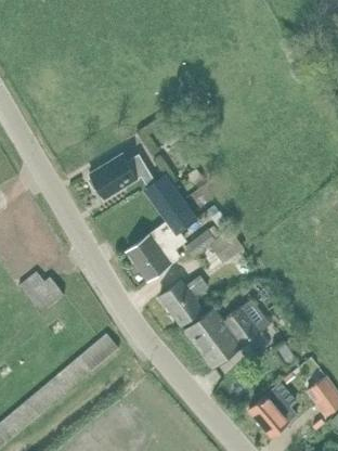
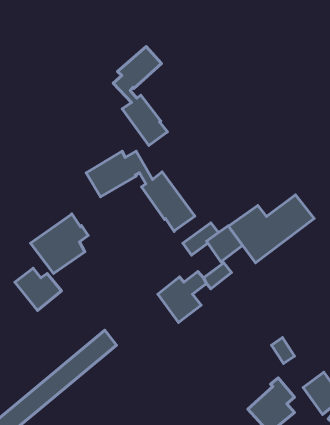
building: none -> [113,47,168,145]
building: [127,221,184,281] -> [31,214,88,273]
building: [184,299,270,368] -> [228,195,314,263]

